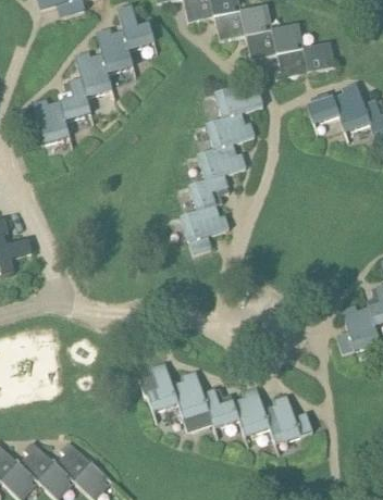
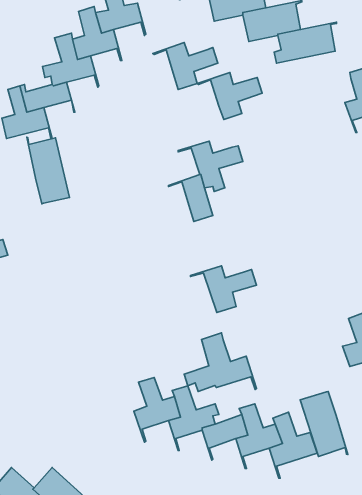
building: [308,92,349,134] -> none
building: [196,117,255,160] -> [153,43,218,89]
building: none -> [27,137,70,204]
building: [170,211,230,253] -> [190,266,256,313]
building: none -> [184,333,256,392]
building: none -> [300,391,348,457]

